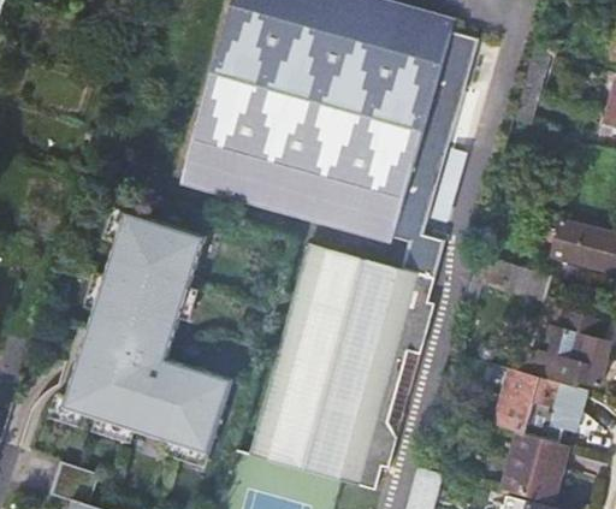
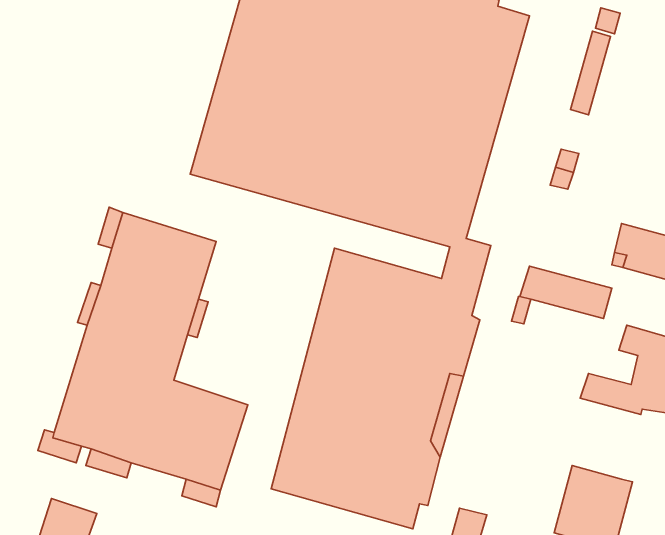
building: [496,371,587,444] -> none

